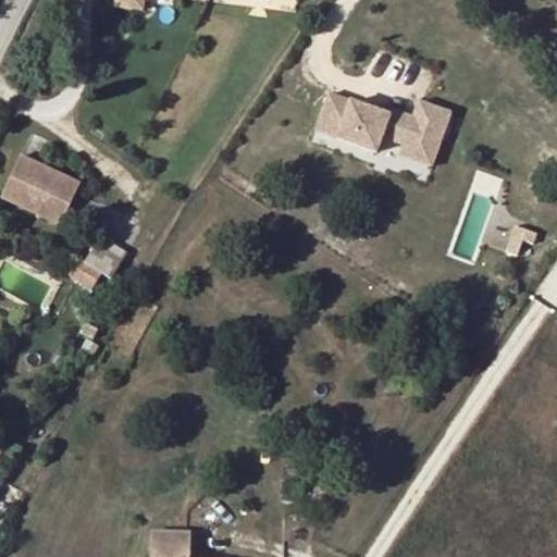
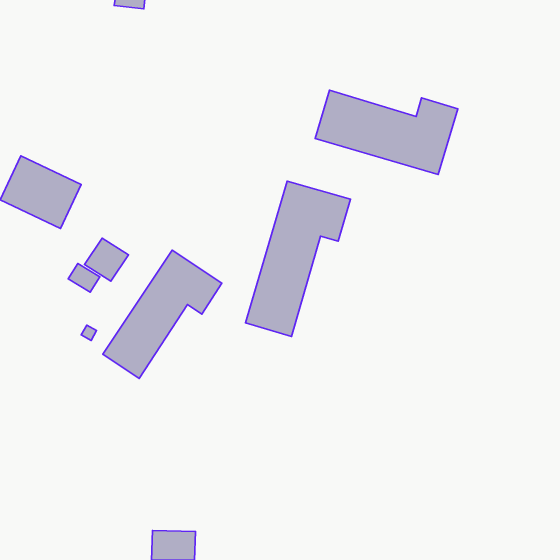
building: none -> [245,181,350,336]
building: none -> [103,250,222,379]

